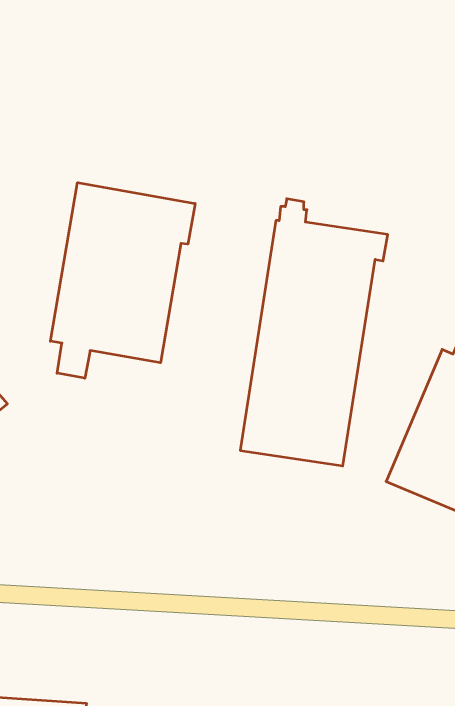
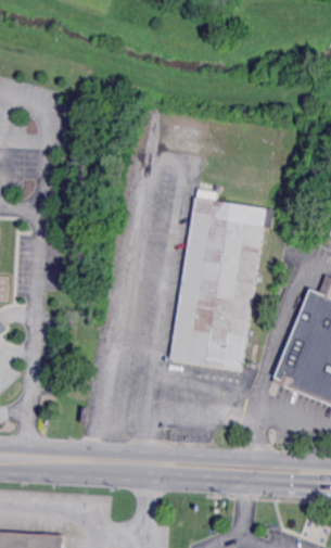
building: [50,183,195,378] -> none

